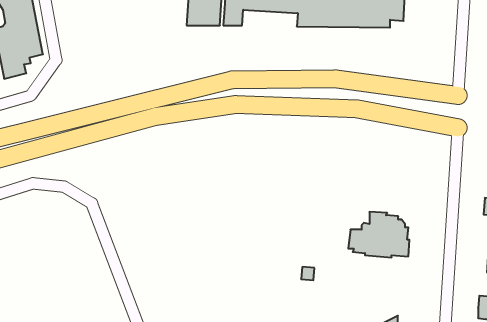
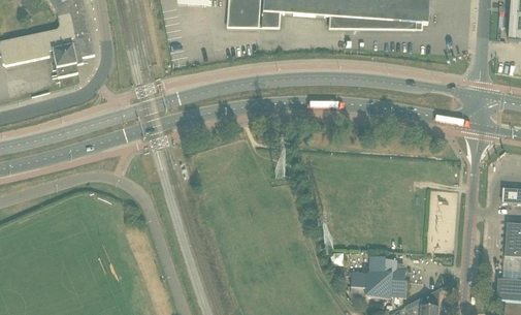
building: [348,212,409,257] -> [351,254,408,296]

